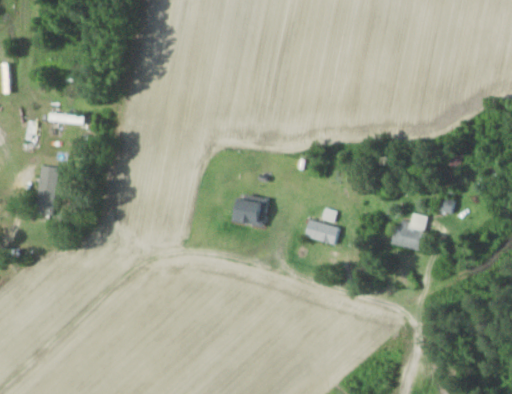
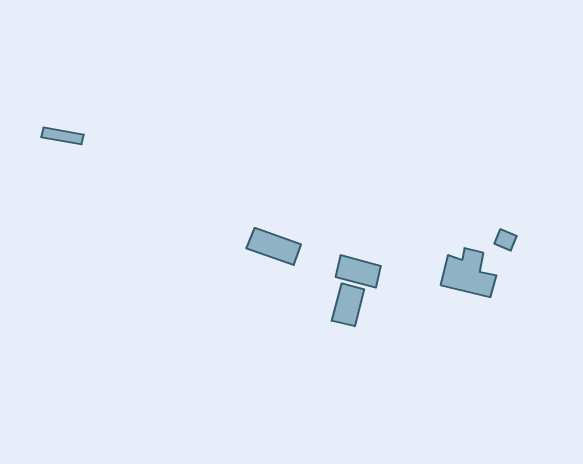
building: [37,164,65,214] -> none
building: none -> [332,283,364,326]

